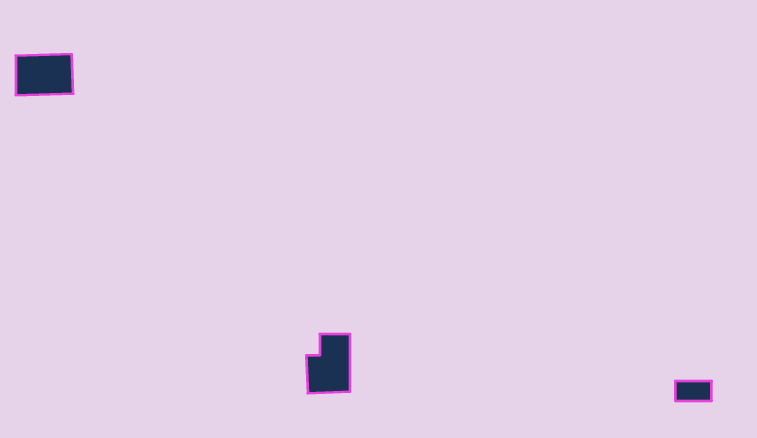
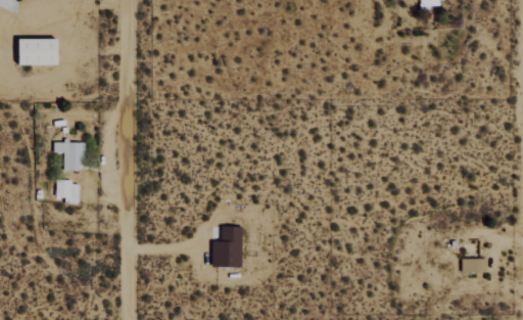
building: none -> [54,142,84,171]
building: none -> [55,180,81,201]

